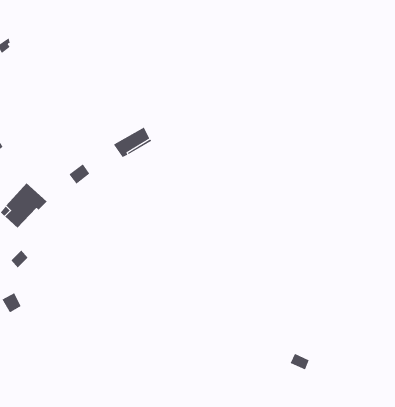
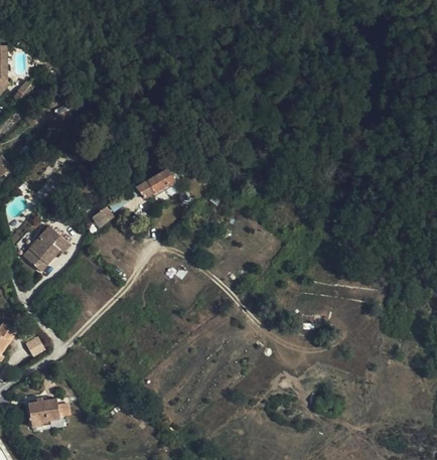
building: none -> [27,400,58,424]

